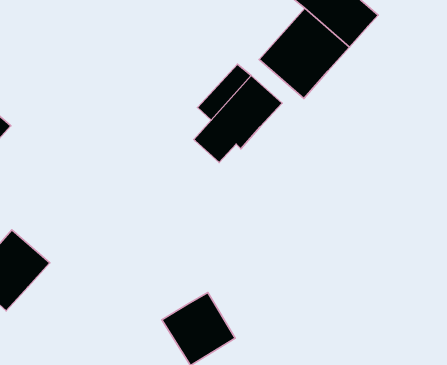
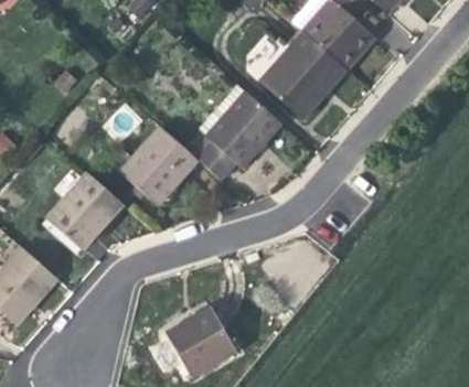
building: none -> [119,127,198,205]
building: none -> [46,172,124,249]

